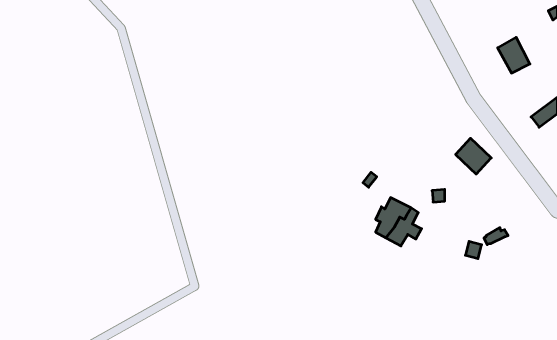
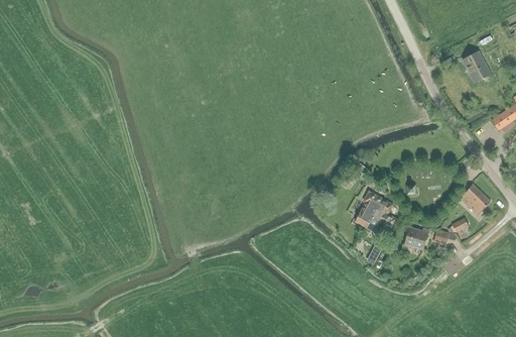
building: [456,138,491,174] -> [460,184,491,215]
building: none -> [404,227,429,249]

